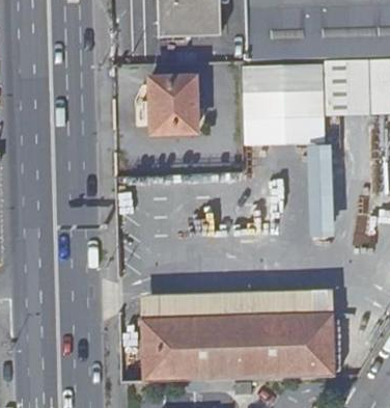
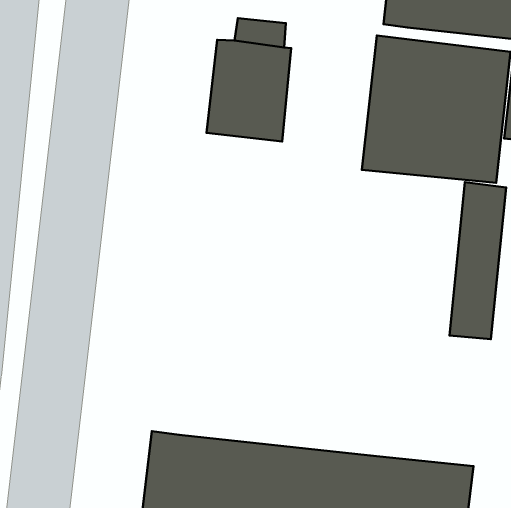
building: [139,290,334,318] -> none

